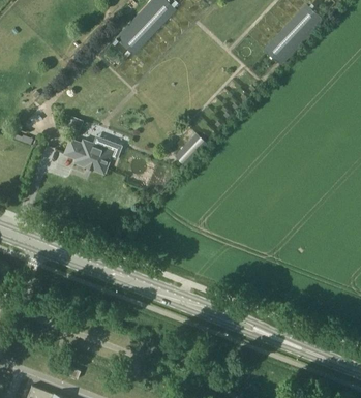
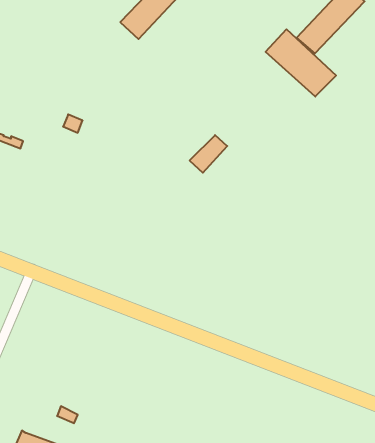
building: none -> [266,29,336,97]
building: [63,140,121,174] -> none

